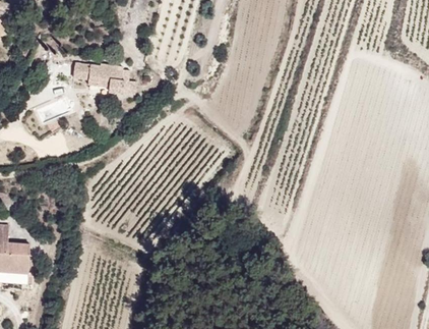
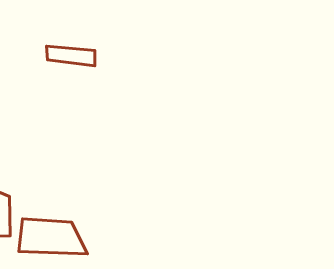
building: none -> [19,219,88,254]

